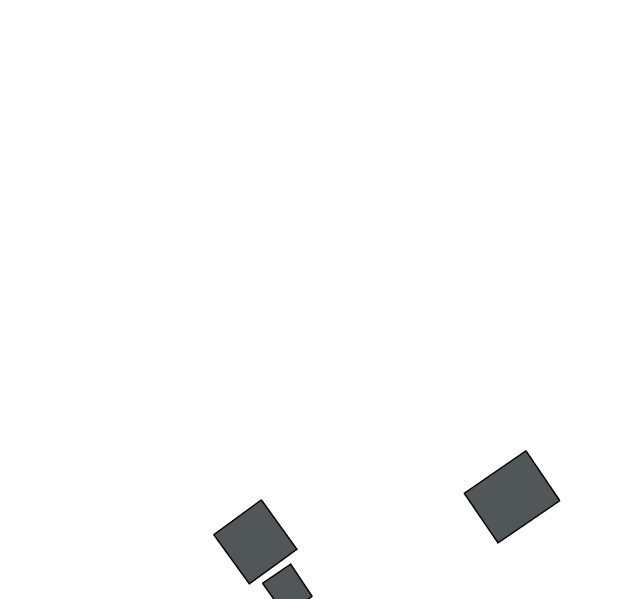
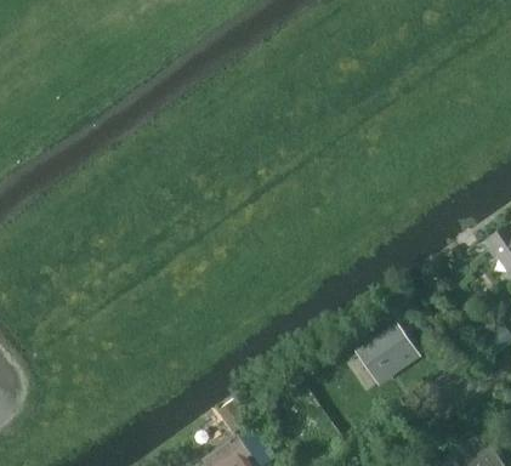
building: [214,500,297,584] -> none

